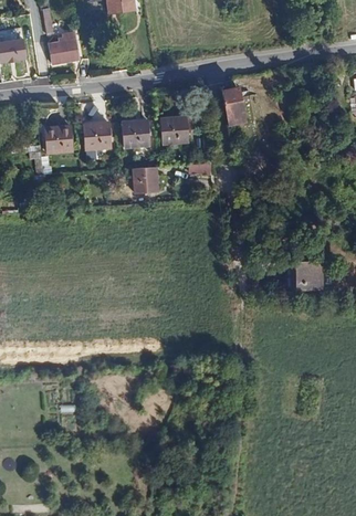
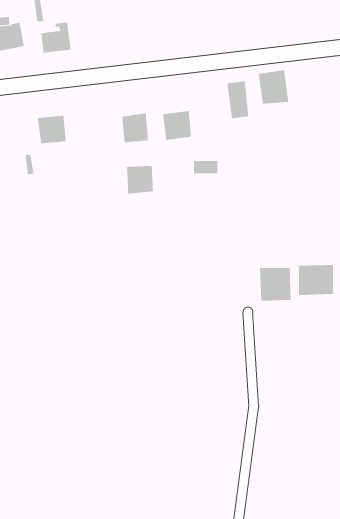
building: none -> [258,70,289,105]
building: [85,123,112,150] -> none
building: none -> [260,267,291,301]

